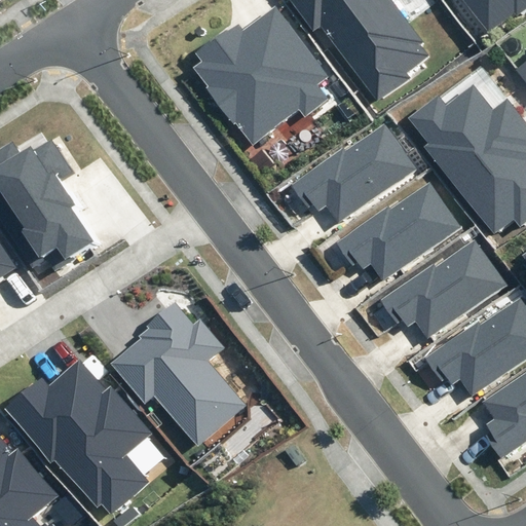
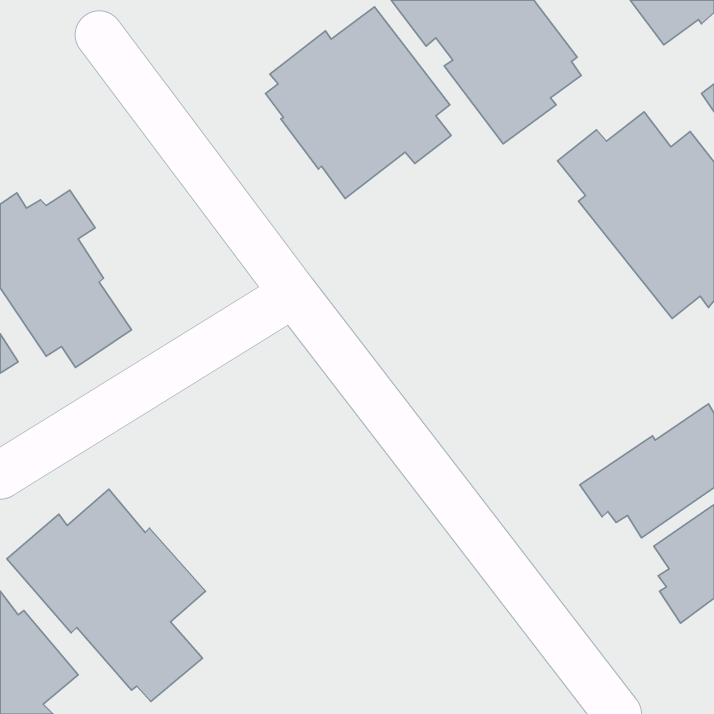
building: [289,124,414,223] -> none
building: [336,182,460,279] -> none
building: [381,240,505,338] -> none
building: [113,302,248,447] -> none

